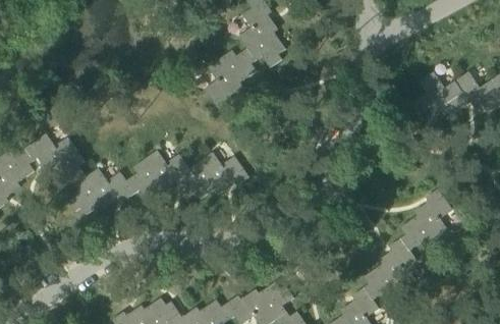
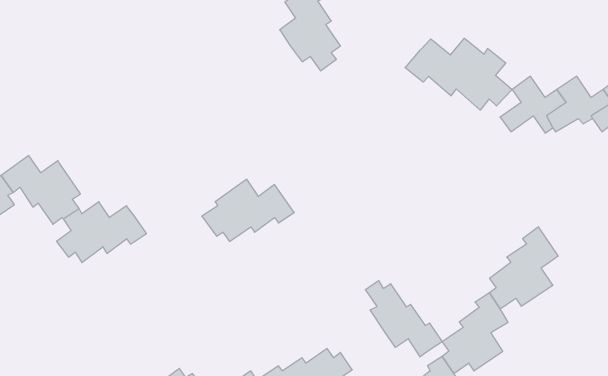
building: none -> [405,38,512,110]
building: [204,49,257,110] -> none
building: [126,154,190,198] -> none
building: none -> [365,281,442,357]

